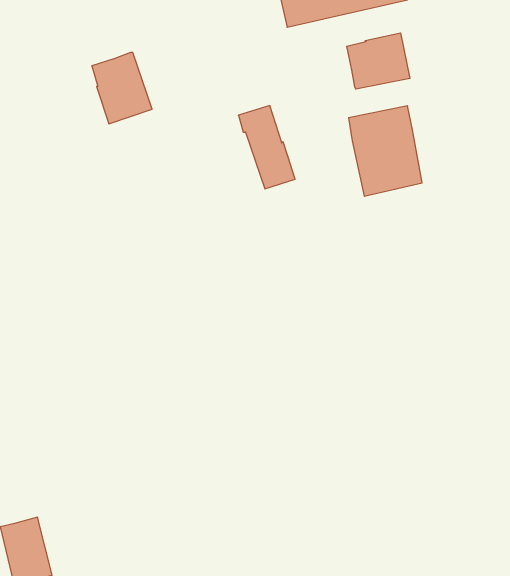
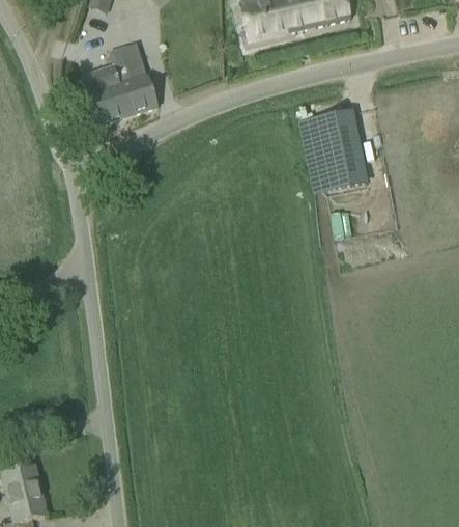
building: [347,33,410,89] -> none
building: [238,106,295,189] -> [110,40,159,112]

